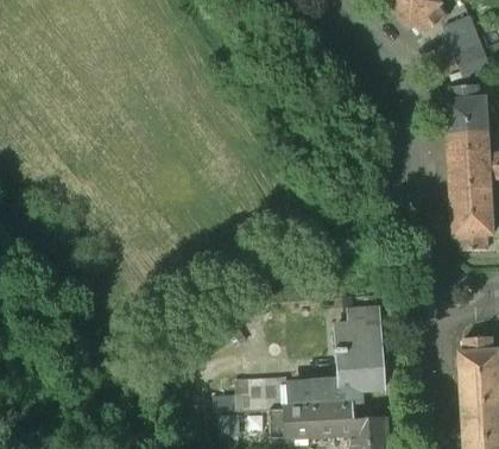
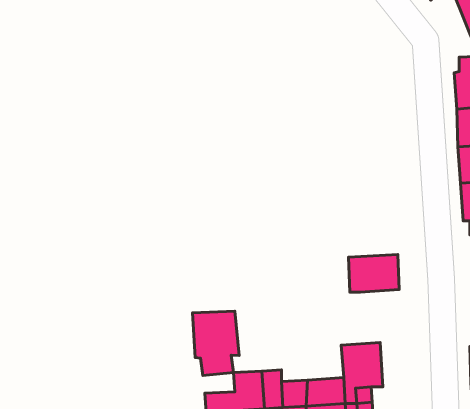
building: [331,315,378,349] -> [349,255,399,292]
building: none -> [192,311,239,376]

